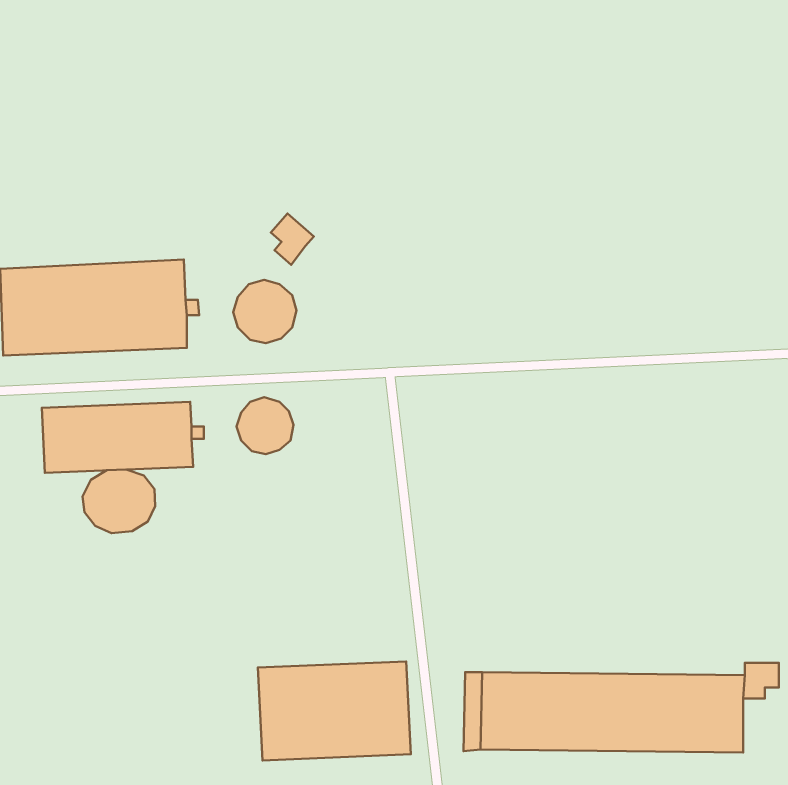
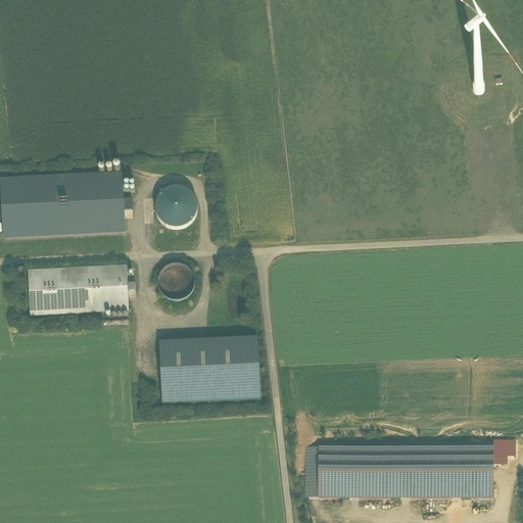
building: [271,213,314,265] -> none
building: [83,469,155,533] -> none
building: [258,661,411,760] -> [158,337,259,402]

